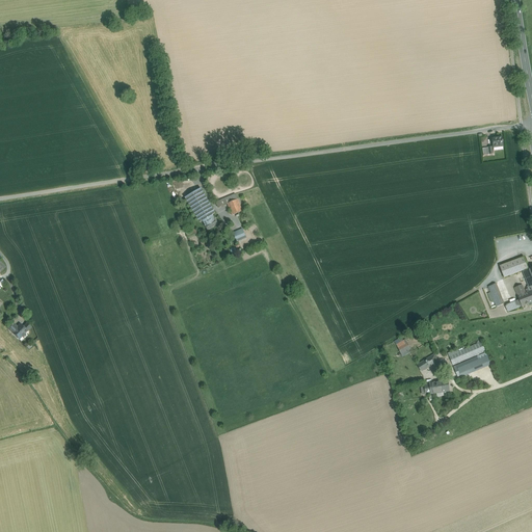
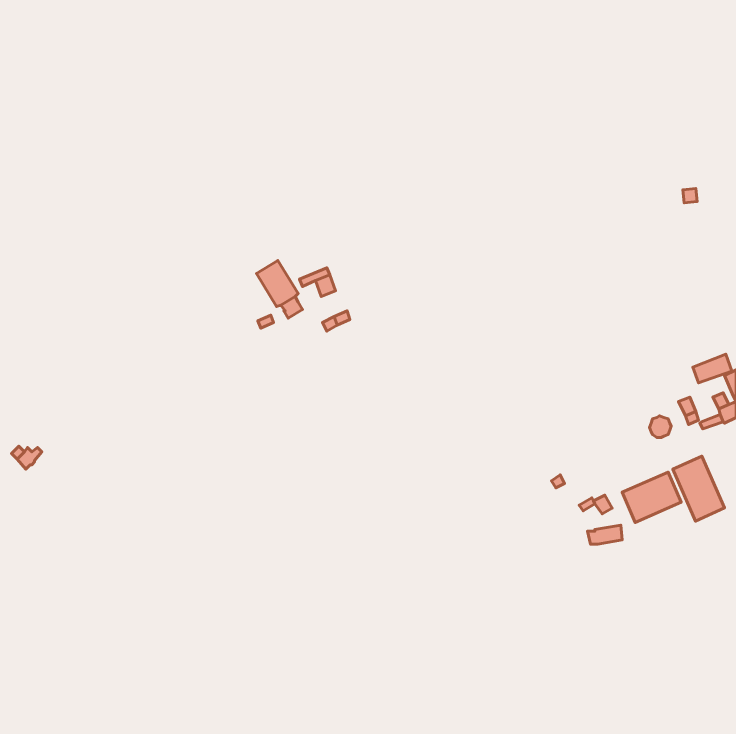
building: none -> [673,456,725,521]

